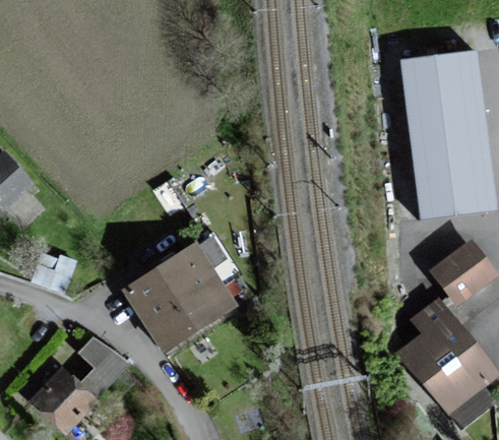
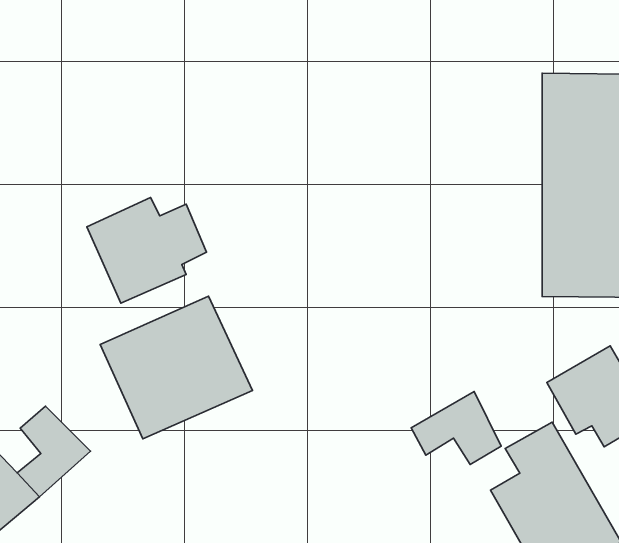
building: none -> [87,197,207,303]
building: none -> [411,392,501,464]

